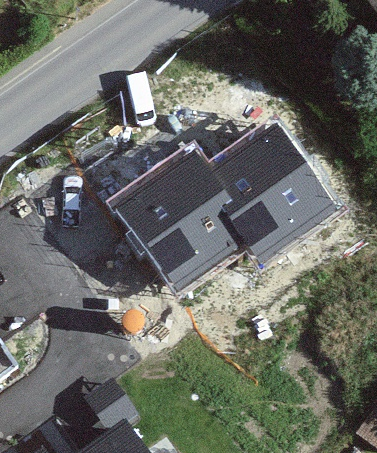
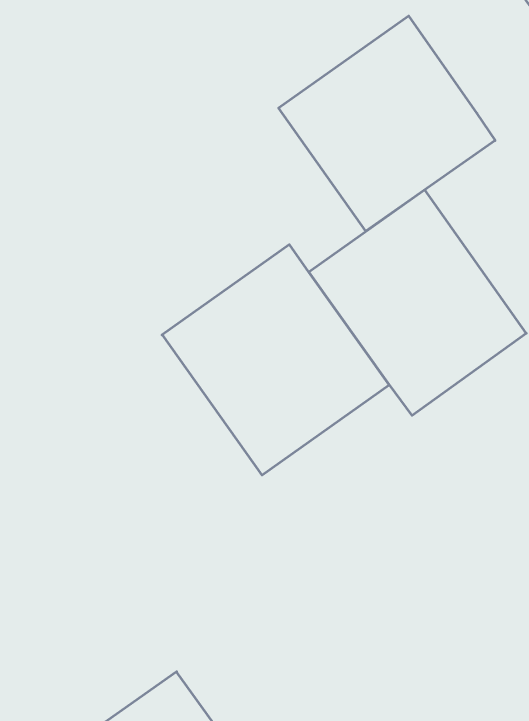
building: none -> [279,16,495,231]

